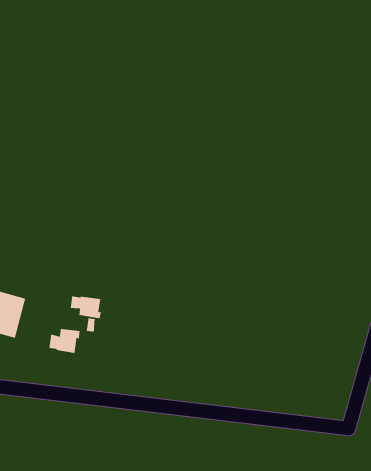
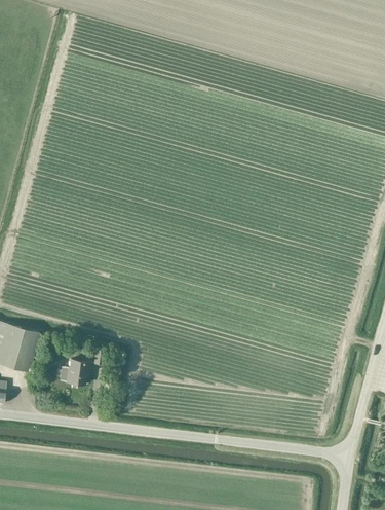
building: [70,296,102,319] -> none

